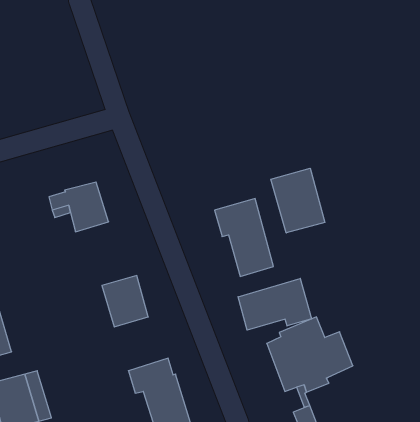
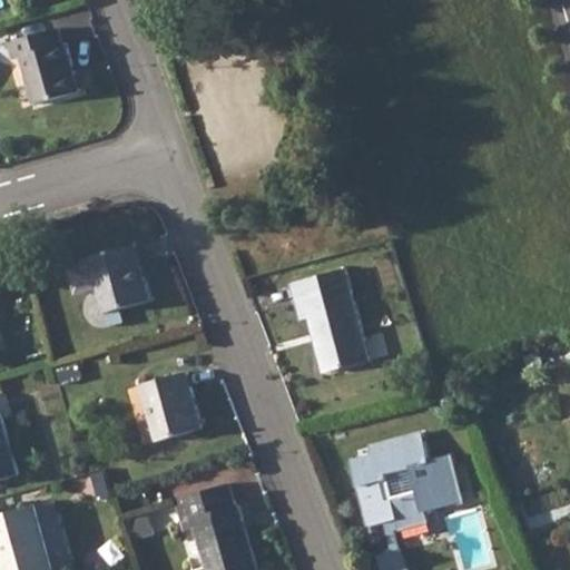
building: none -> [6,29,78,106]
building: [271,168,325,233] -> none
building: [238,278,312,330] -> none

